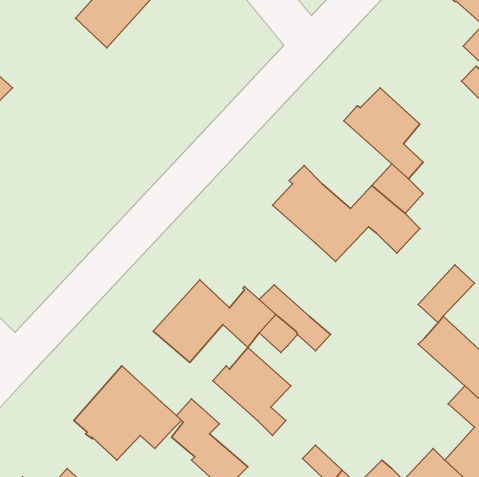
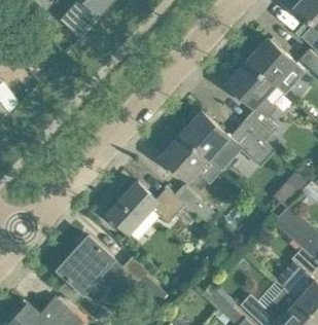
building: none -> [248,38,304,95]
building: [213,348,291,435] -> [160,136,208,190]

